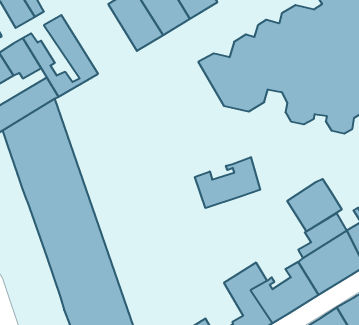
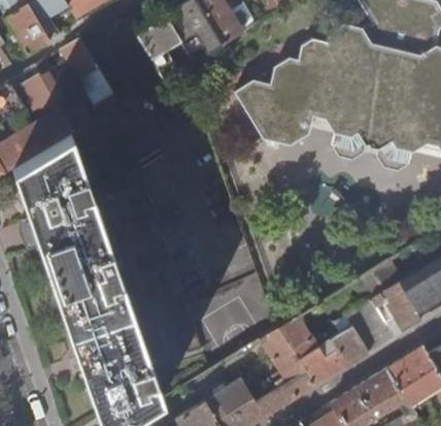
building: [195,157,260,208] -> none
building: [287,179,342,231] -> none

